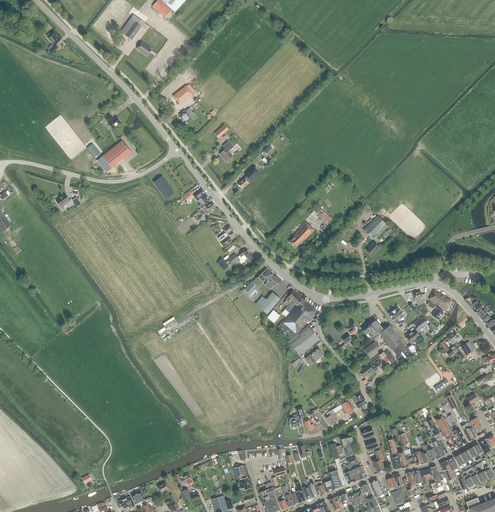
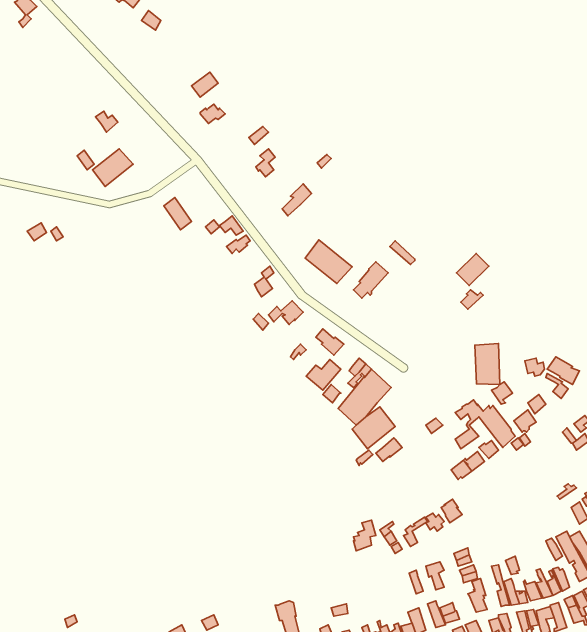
building: none -> [305,240,352,283]
building: none -> [475,344,500,385]

